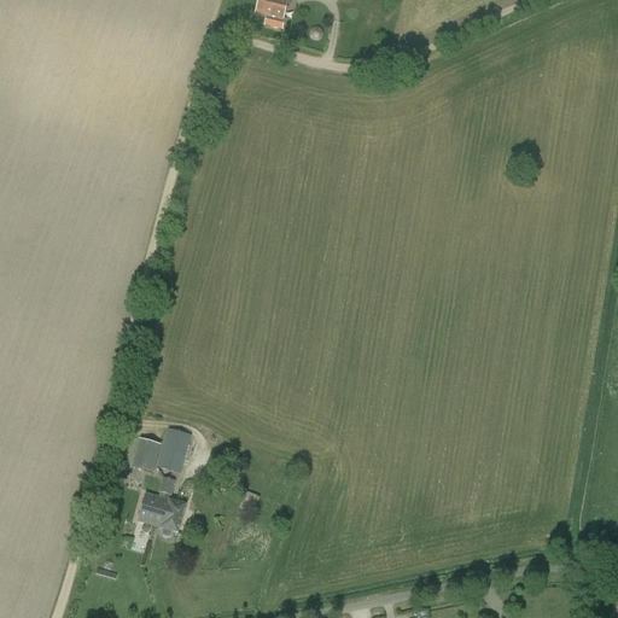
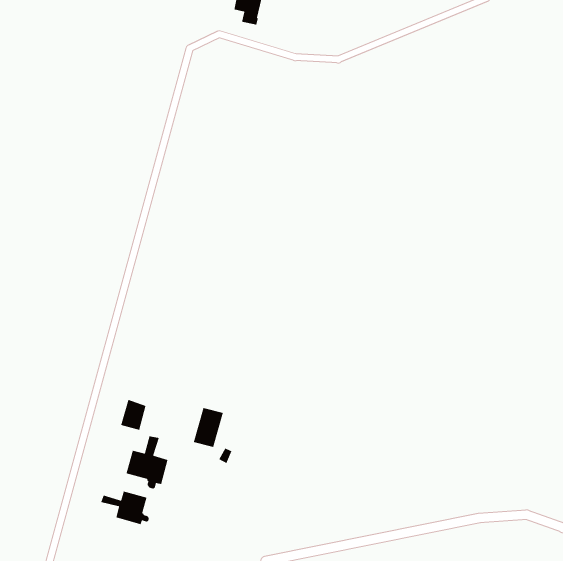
building: [157,427,191,472] -> [193,407,224,448]
building: none -> [100,491,150,525]

